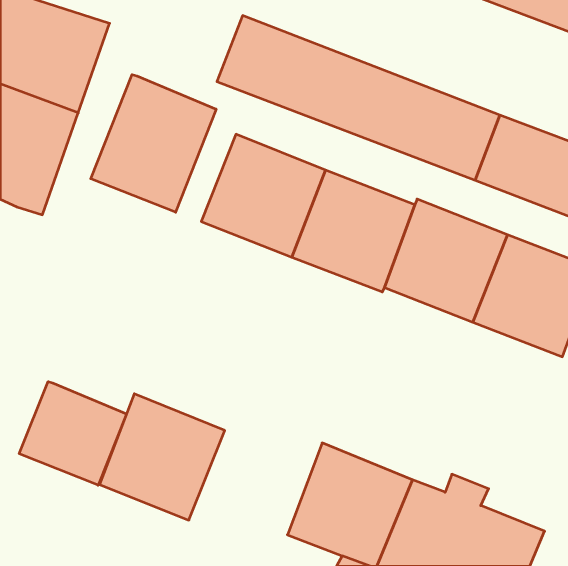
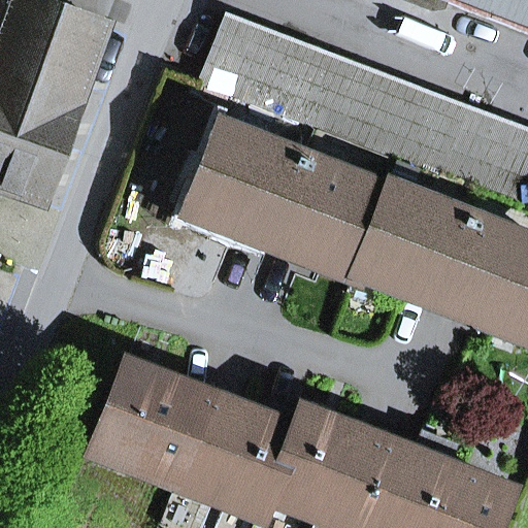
building: [91,75,216,212] -> none
building: [19,382,126,485] -> none
building: none -> [177,397,293,513]

